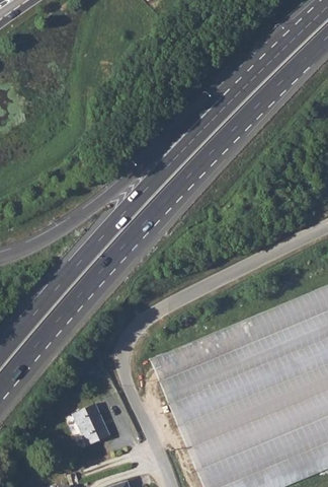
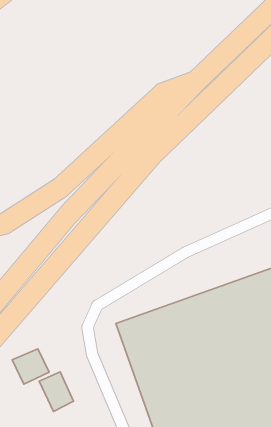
building: none -> [12,349,49,384]

